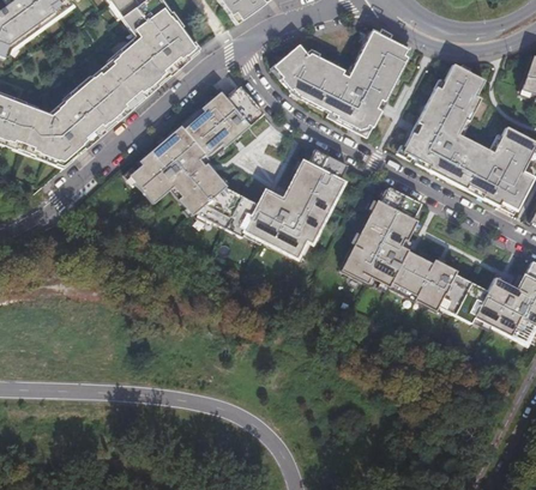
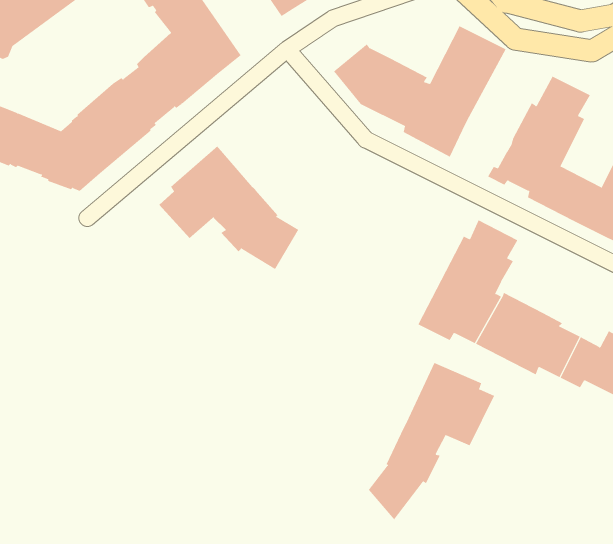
building: [179,84,265,159] -> none
building: [225,147,348,255] -> none
building: none -> [368,362,495,520]

